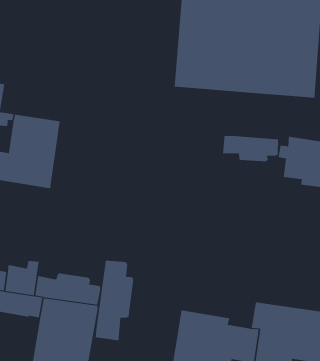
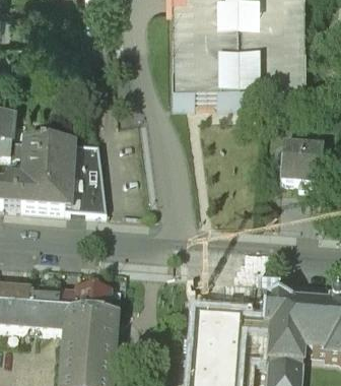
building: none -> [64,141,104,208]
building: [223,135,278,162] -> none
building: [95,260,134,341] -> none

